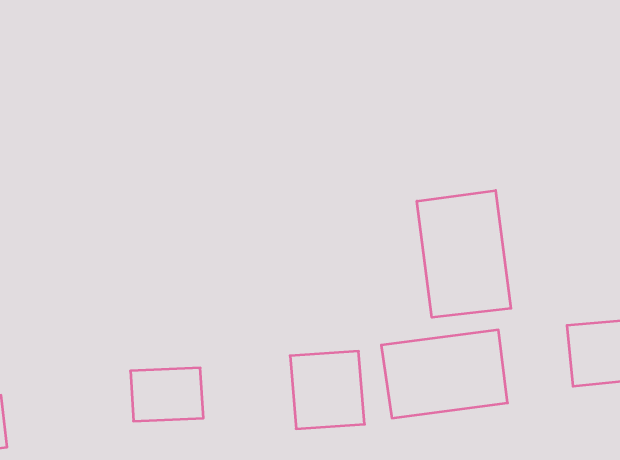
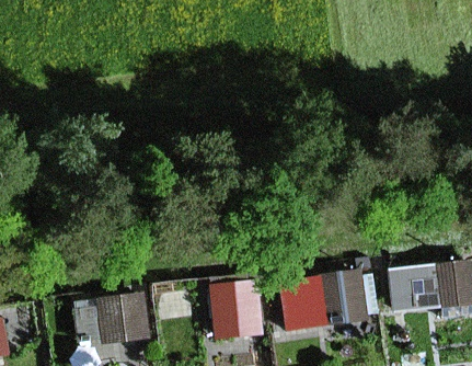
building: [417,190,511,317] -> none

